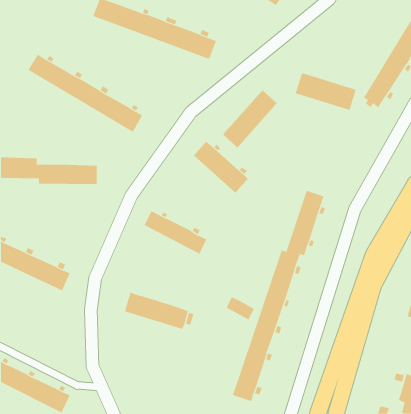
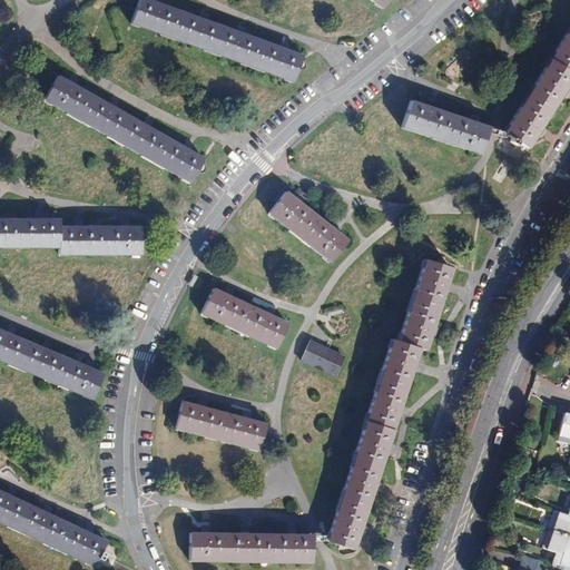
building: [222,89,278,148] -> none
building: [226,297,254,320] -> [302,343,341,375]
building: none -> [188,531,309,562]

